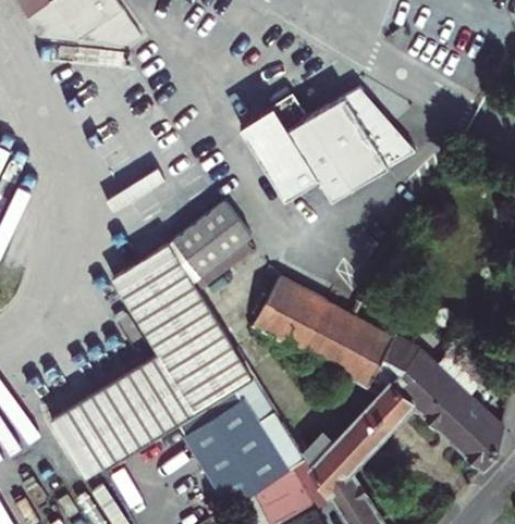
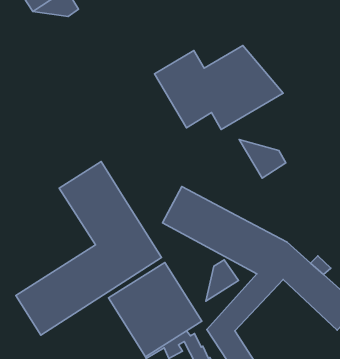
building: [169,202,253,283] -> none
building: none -> [239,139,286,178]
building: none -> [206,260,238,301]

